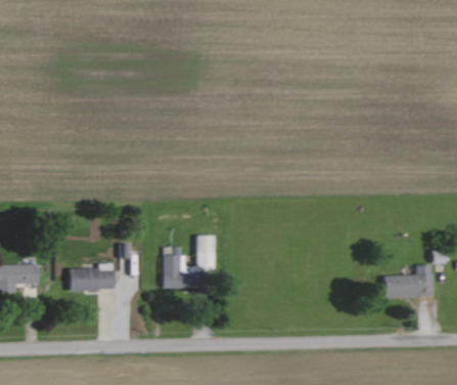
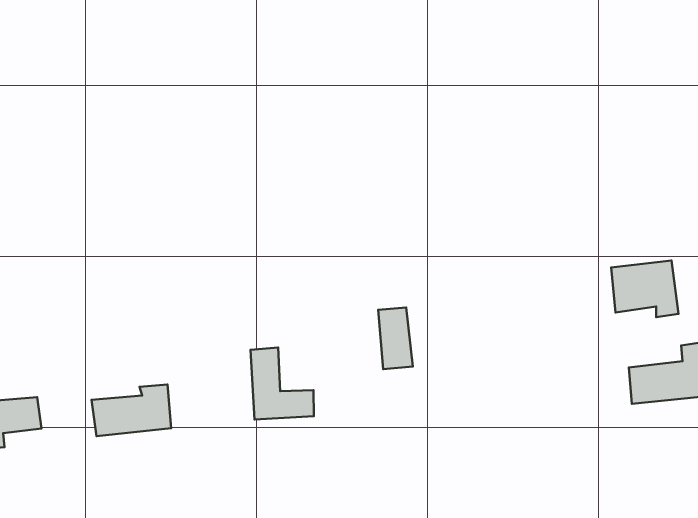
building: none -> [611,260,678,317]
building: [196,234,214,269] -> [378,308,413,369]

